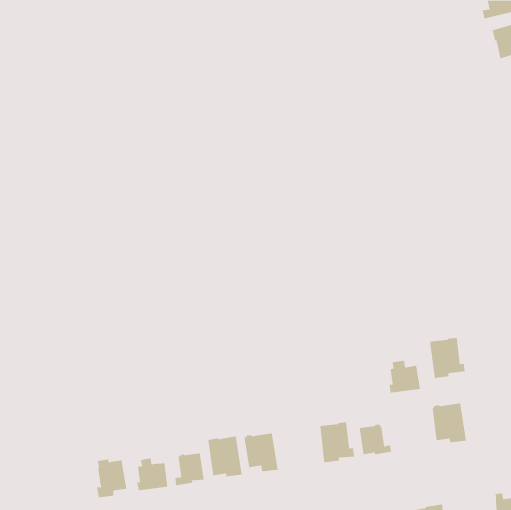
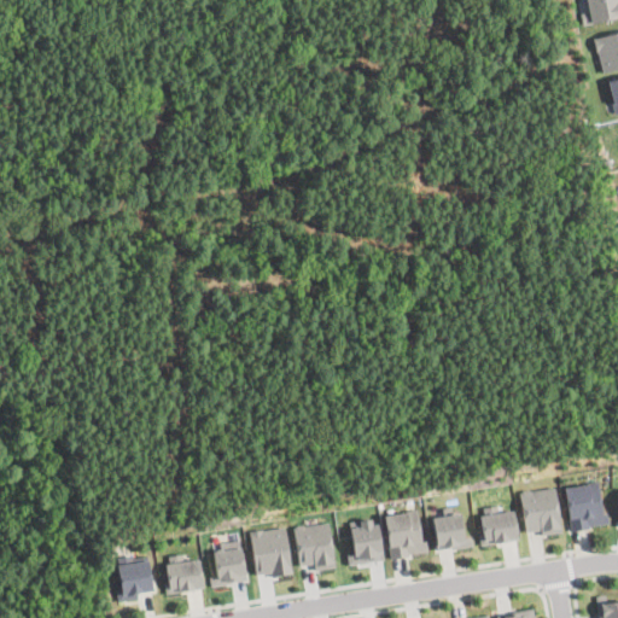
building: [429,337,465,379] -> [566,483,610,532]
building: [389,360,421,393] -> [480,506,519,546]
building: none -> [349,520,385,565]

